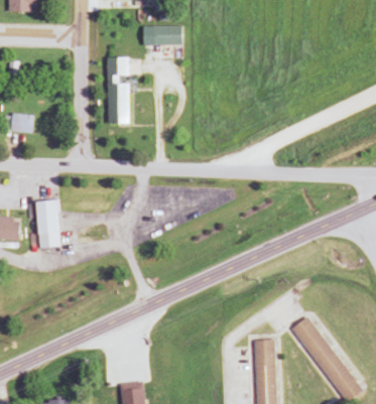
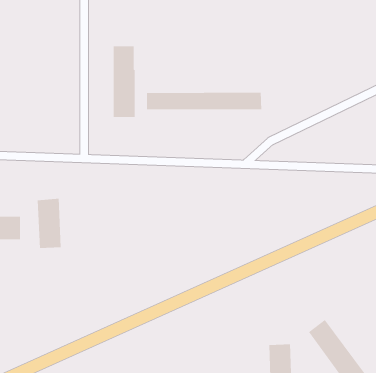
building: [151,26,183,45] -> none
building: none -> [146,92,262,110]
building: [6,113,34,134] -> none

